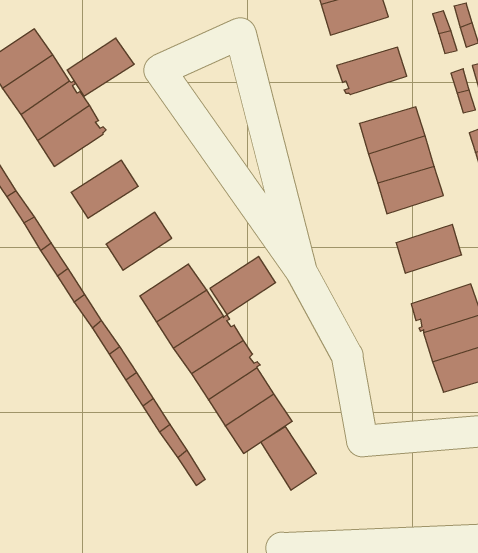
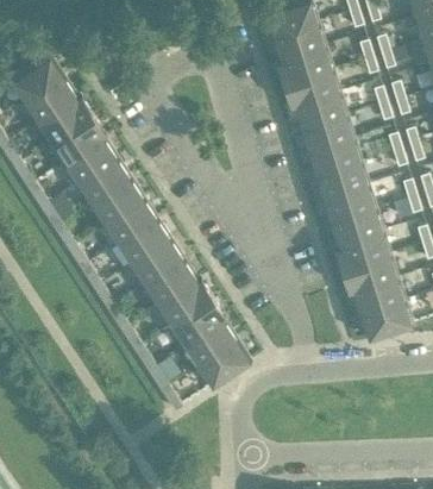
building: none -> [278,49,333,87]
building: [67,38,134,96] -> [65,140,118,186]
building: none -> [296,95,347,132]
building: none -> [92,181,144,226]
building: none -> [325,188,376,225]
building: none -> [337,234,390,272]
building: [210,256,276,314] -> [119,221,170,267]
building: [261,426,316,490] -> none

